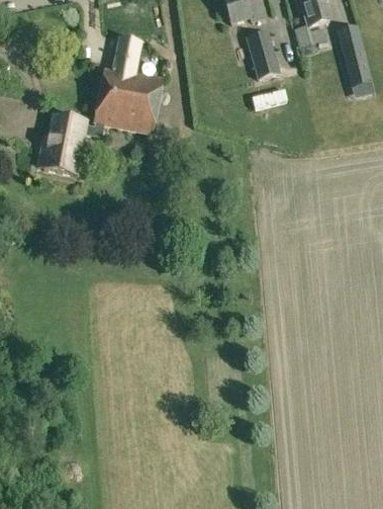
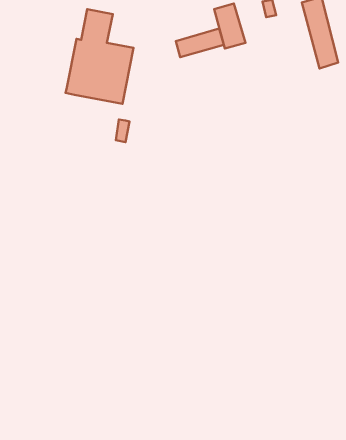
building: none -> [176,29,224,57]
building: [41,110,103,174] -> none

